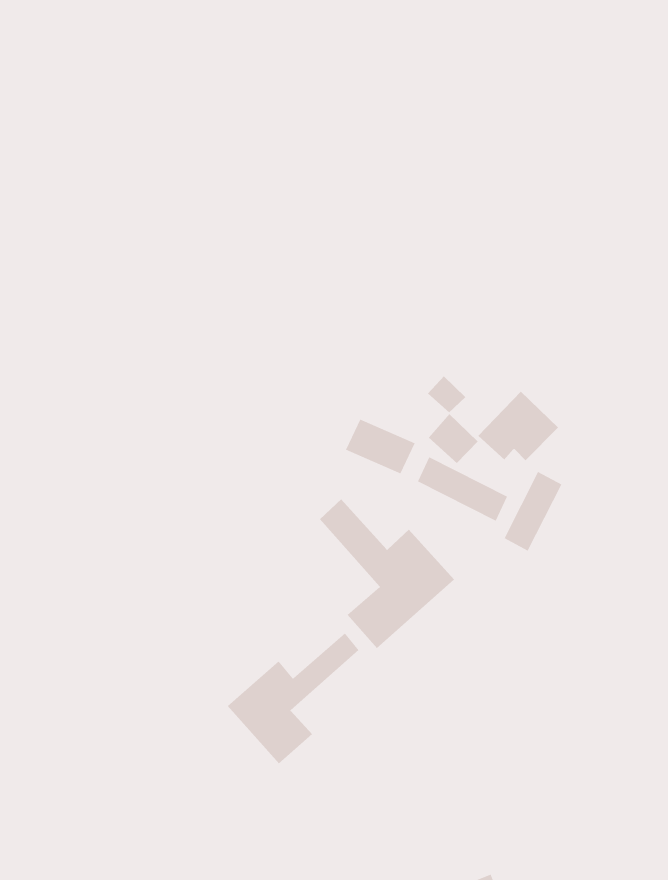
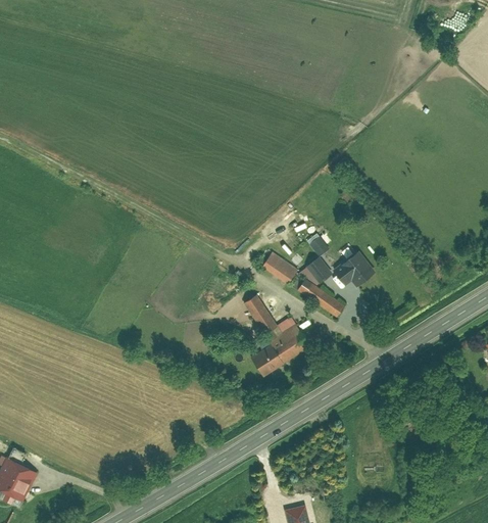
building: [504,471,562,551] -> none
building: [227,633,359,764] -> none

